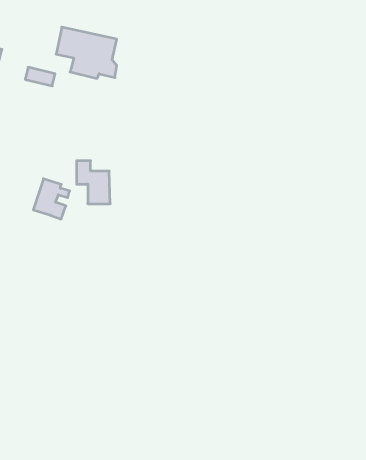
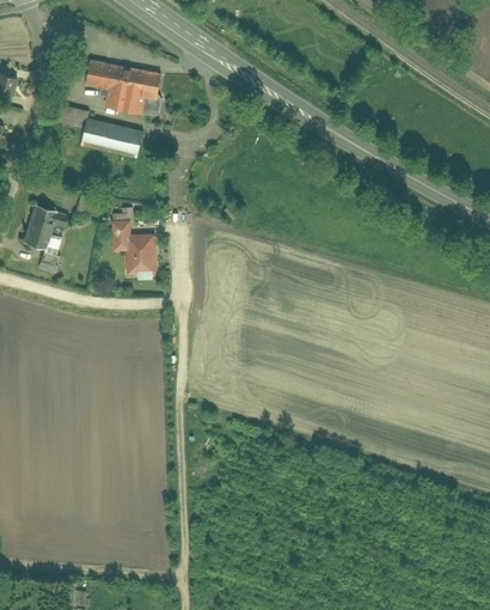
building: none -> [81,117,143,157]
building: [33,179,70,219] -> [20,205,67,256]

